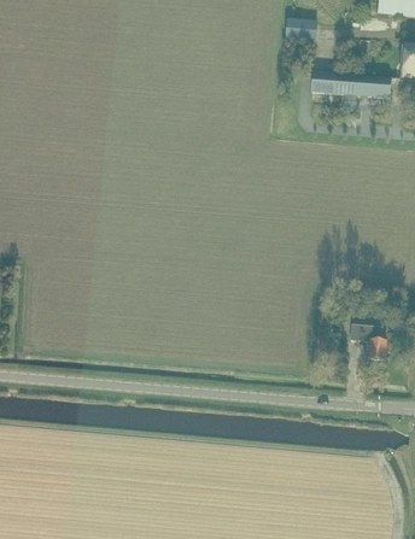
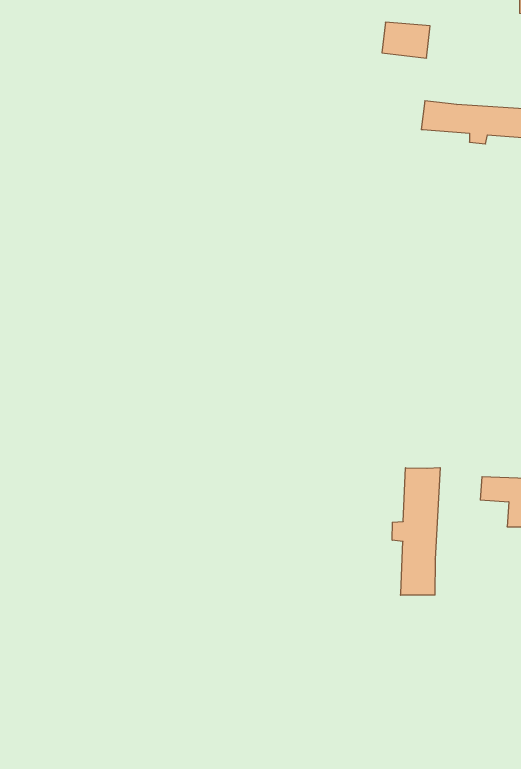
building: none -> [392,468,440,595]

